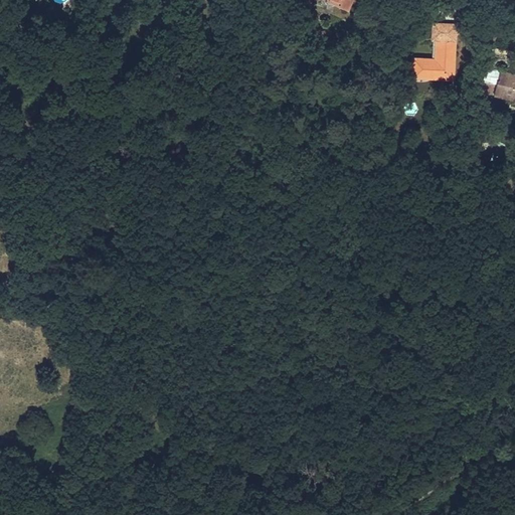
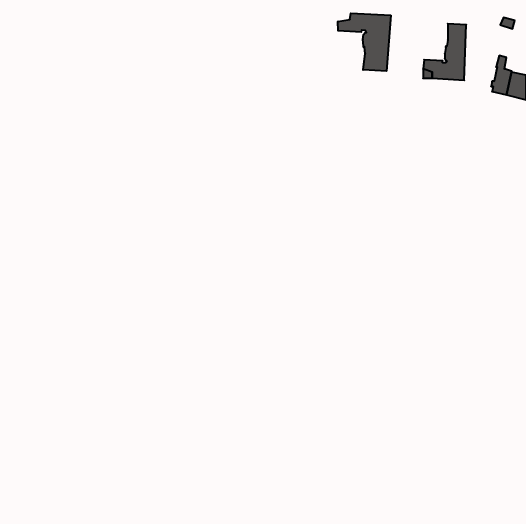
building: none -> [338,13,391,71]

